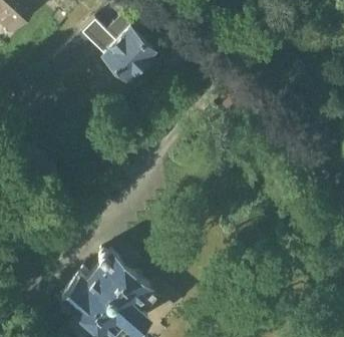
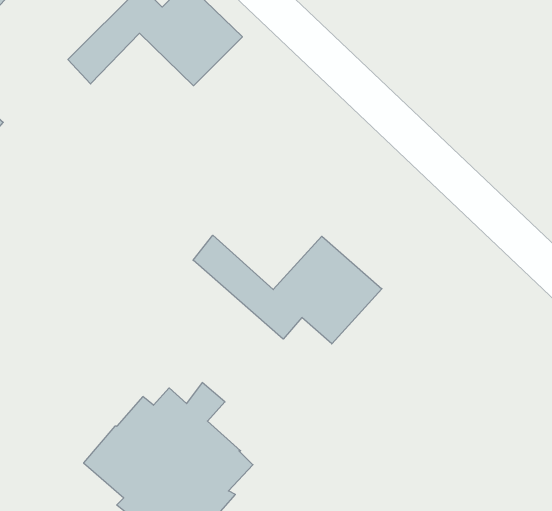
building: none -> [193,235,382,344]

